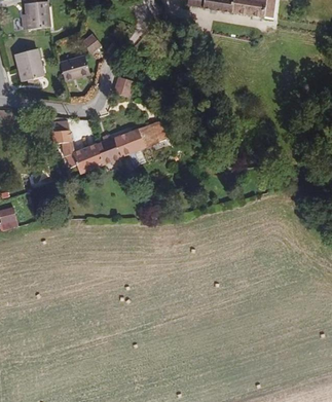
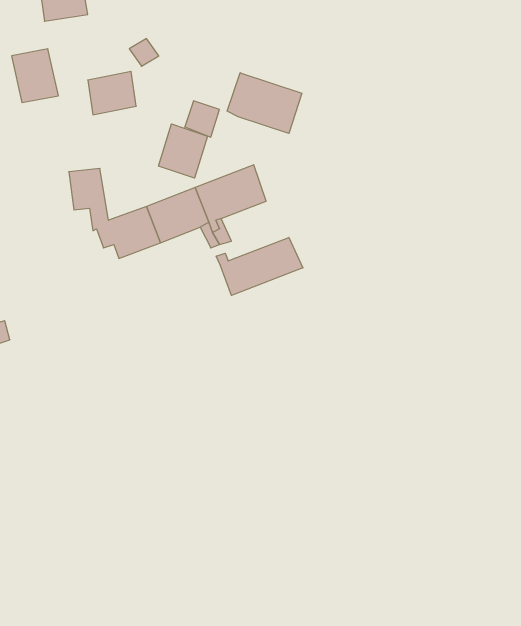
building: none -> [227,73,302,133]
building: none -> [158,124,208,178]
building: none -> [216,237,303,295]

